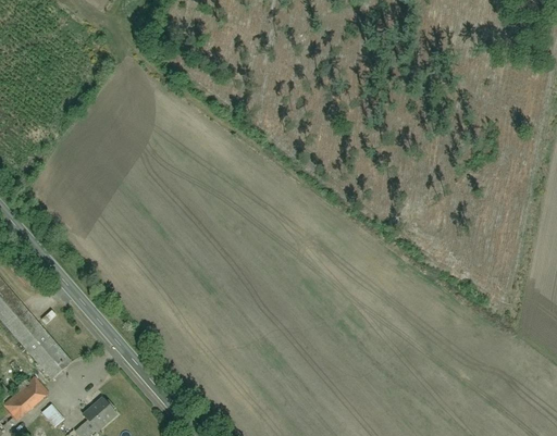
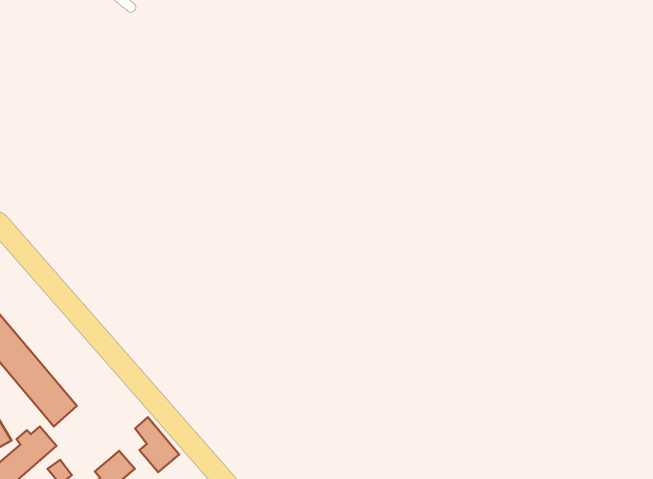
building: none -> [135,417,179,472]

